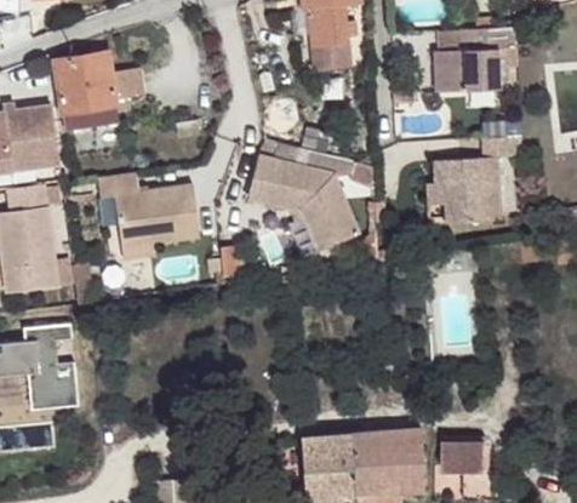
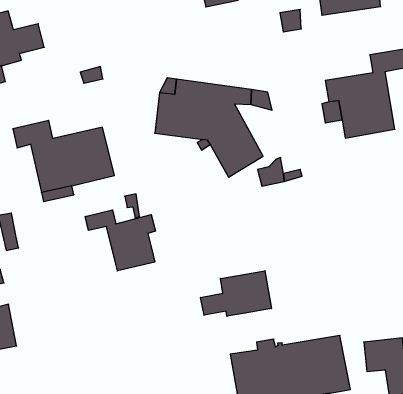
building: none -> [85,210,155,271]
building: none -> [201,271,271,316]

